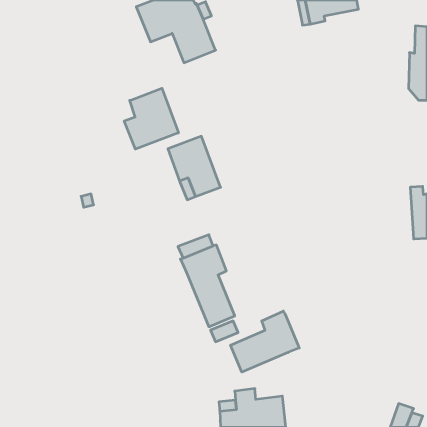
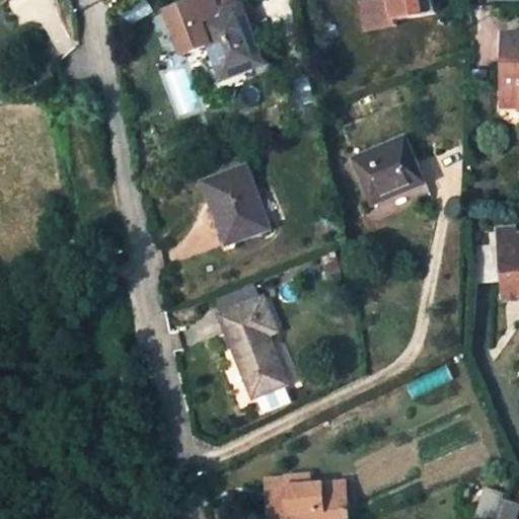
building: [124,88,178,149] -> none
building: none -> [351,134,425,205]
building: [231,311,299,372] -> none

